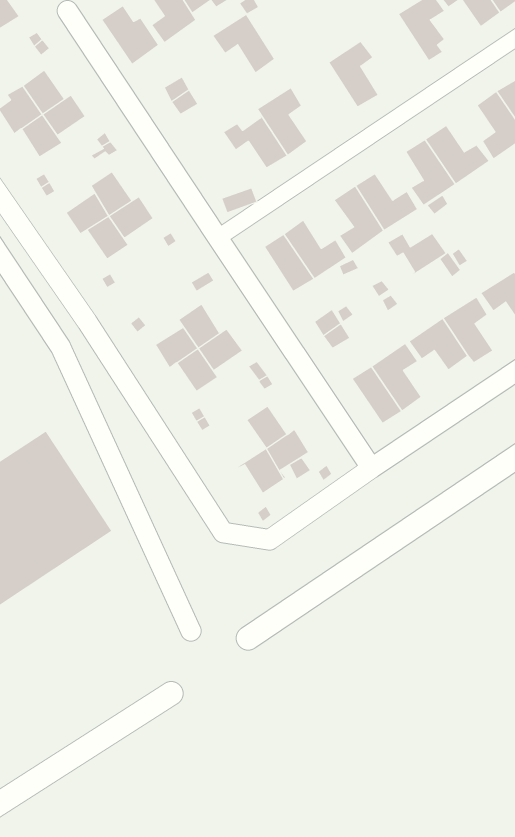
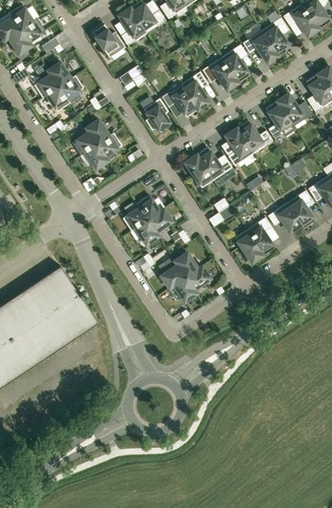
building: [212,14,275,73] -> [201,57,237,90]
building: none -> [242,29,277,63]
building: none -> [142,99,169,130]
building: [387,233,446,277] -> none
building: none -> [159,257,185,288]

